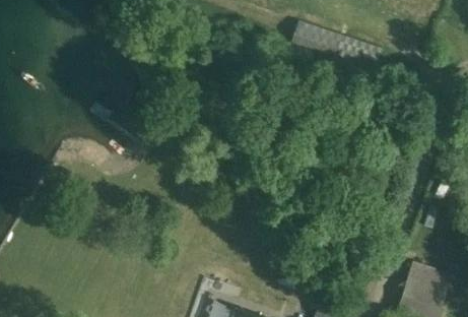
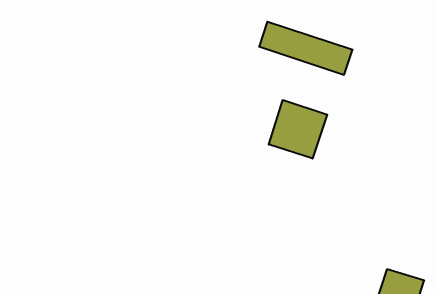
building: none -> [269,100,327,159]

